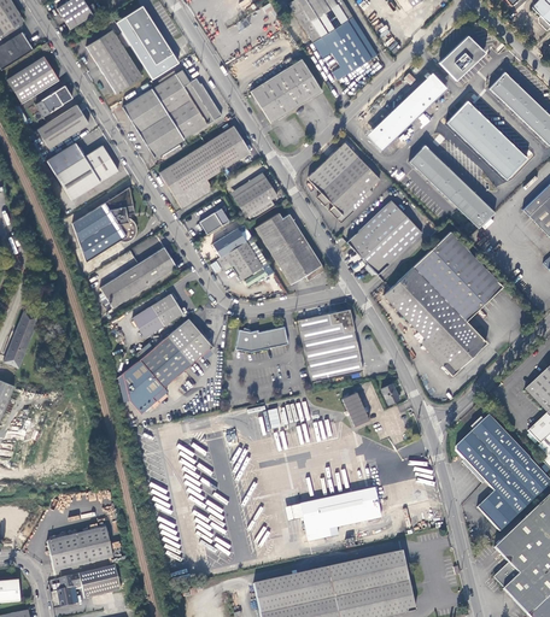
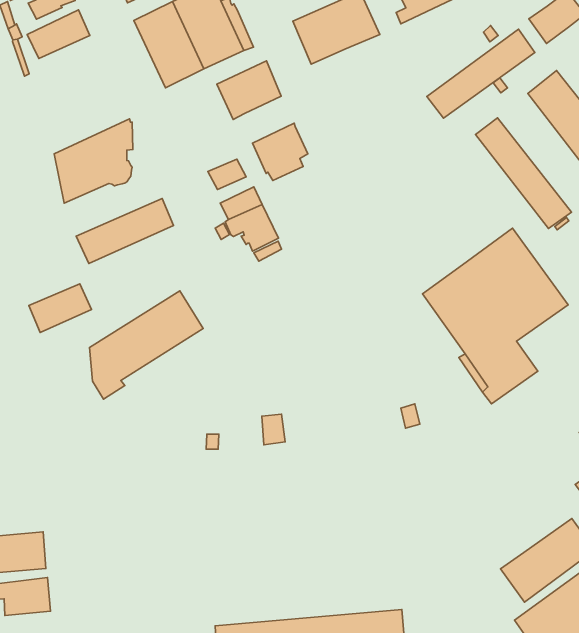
building: [46,141,118,199] -> none
building: [308,142,379,222] -> none
building: [159,148,212,207] -> none
building: [347,199,422,274] -> none
building: [254,211,323,282] -> none
building: [131,293,182,336] -> [29,284,91,333]
building: [298,308,363,381] -> none
building: [235,325,288,349] -> none
building: [341,390,368,425] -> none
building: [455,415,528,490] -> none
building: [299,488,380,541] -> none

